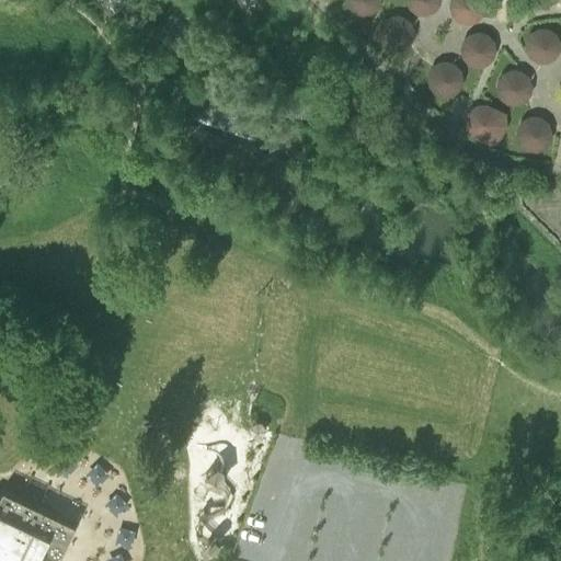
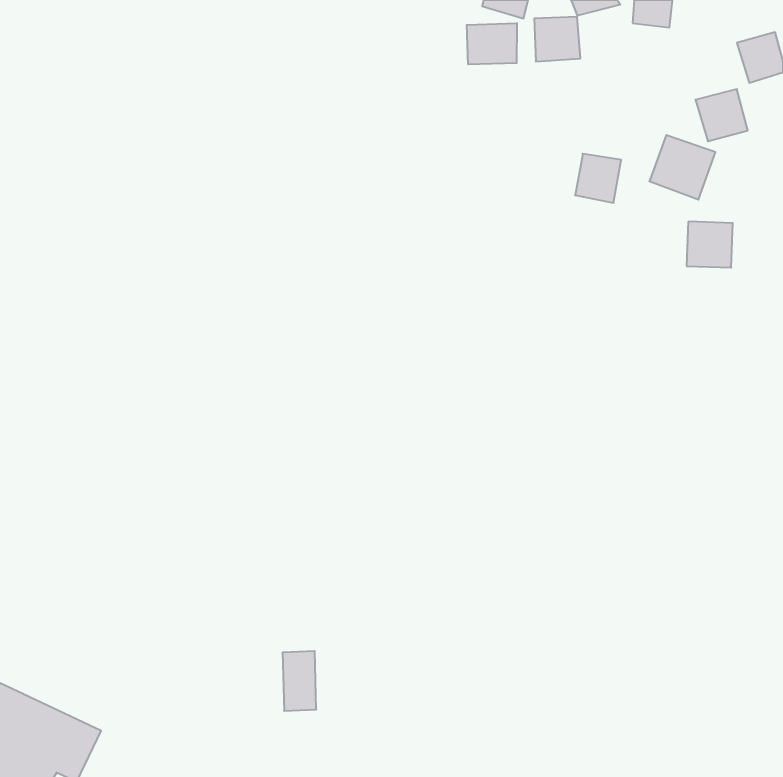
building: none -> [467,23,517,64]
building: [460,31,501,71] -> none
building: [428,64,461,99] -> [575,154,621,203]
building: [518,117,551,150] -> [687,222,733,268]

